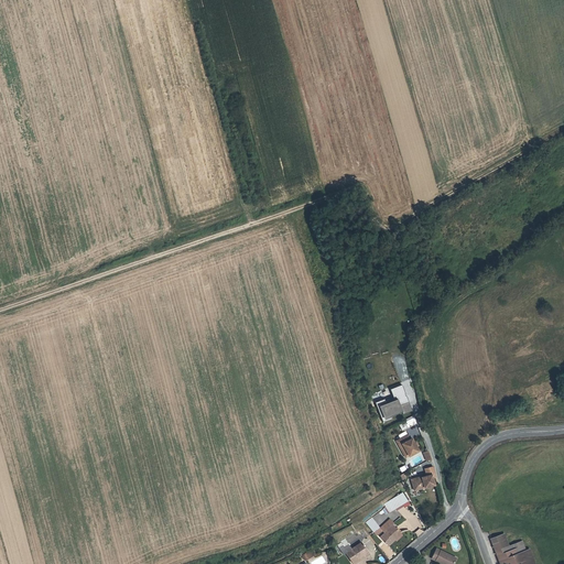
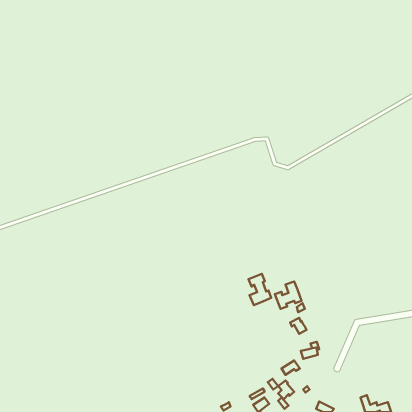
building: none -> [249,274,271,305]

